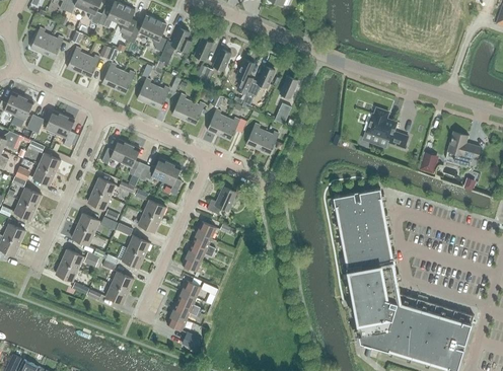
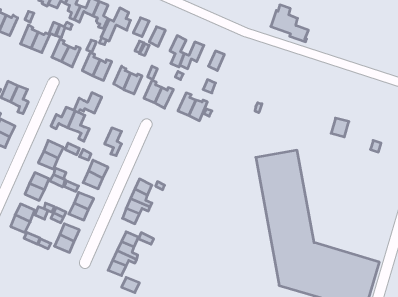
building: [365,107,408,149] -> [271,5,308,42]
building: [447,132,480,165] -> none
building: [138,158,169,181] -> [74,93,102,113]
building: [206,187,235,215] -> none

